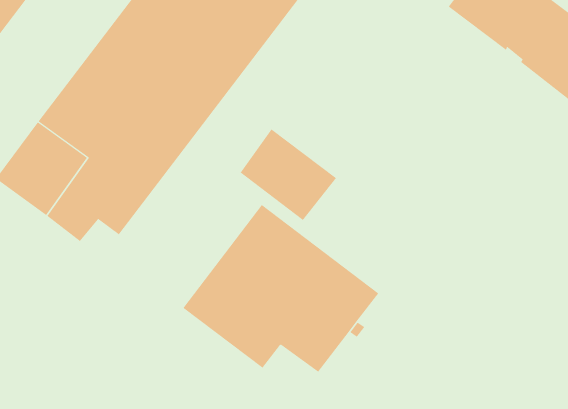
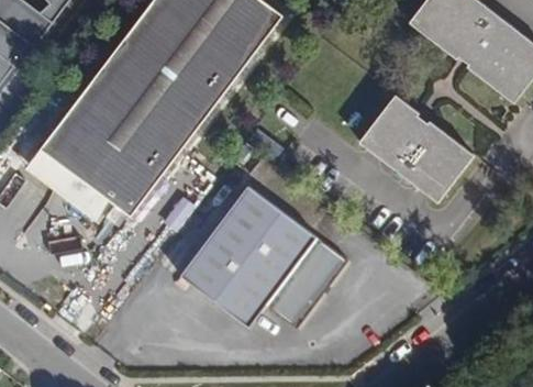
building: none -> [357,93,471,200]
building: [240,128,337,221] -> none

